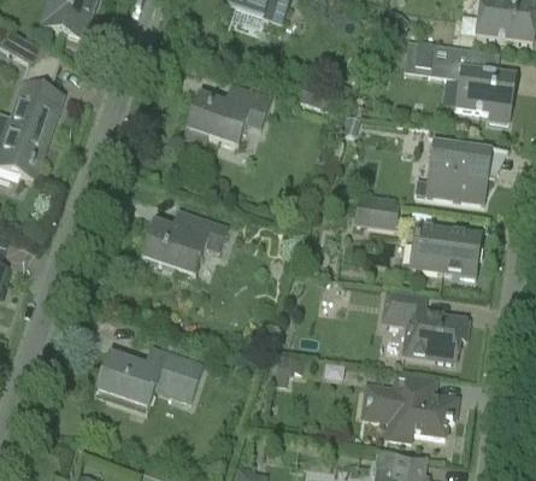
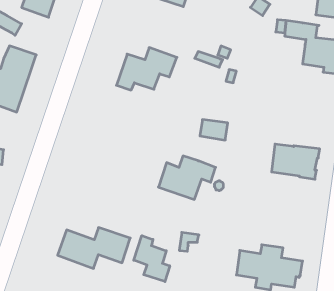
building: [425,139,488,201] -> none
building: [357,198,397,228] -> [200,120,228,140]
building: [141,210,225,274] -> [158,156,216,199]
building: [382,289,467,360] -> none
building: none -> [134,236,170,282]

